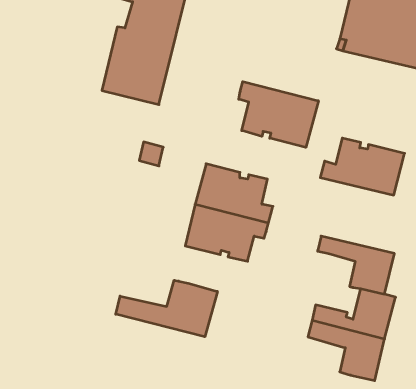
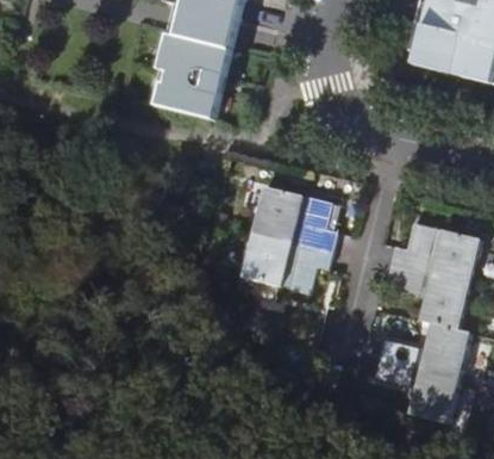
building: [239,82,318,147] -> none
building: [320,138,405,195] -> [389,222,481,284]
building: [116,280,217,337] -> none

